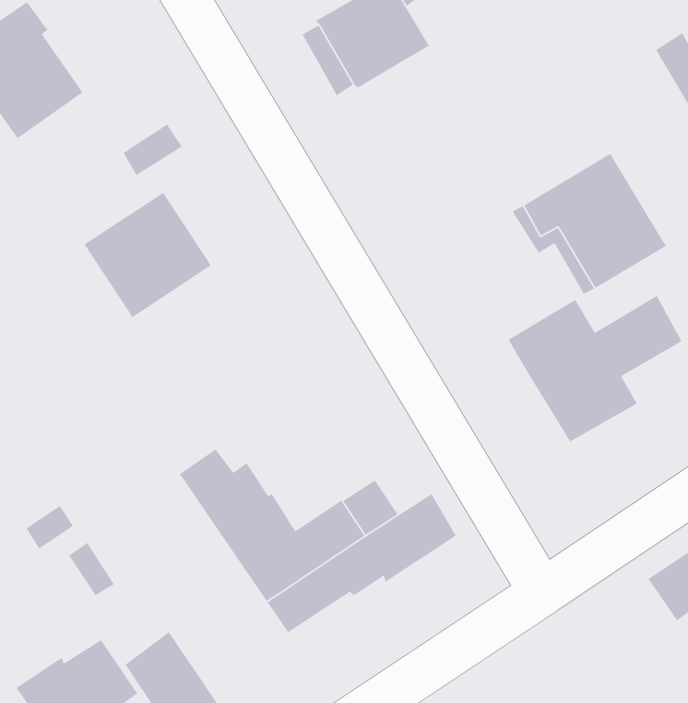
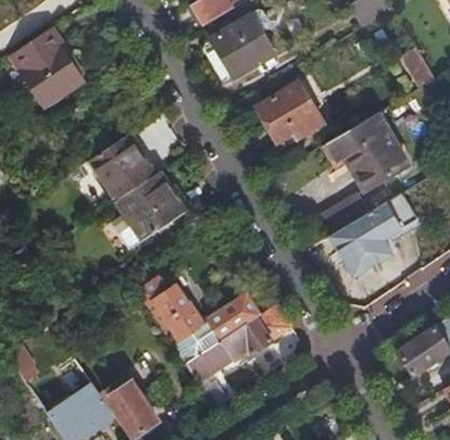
building: none -> [257,80,324,141]
building: none -> [116,173,184,240]

